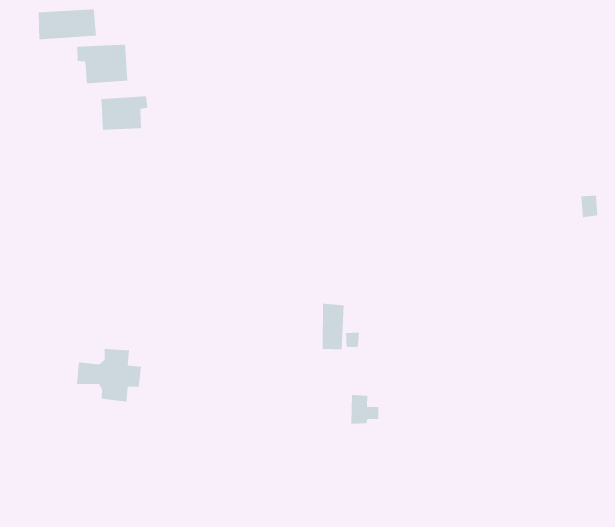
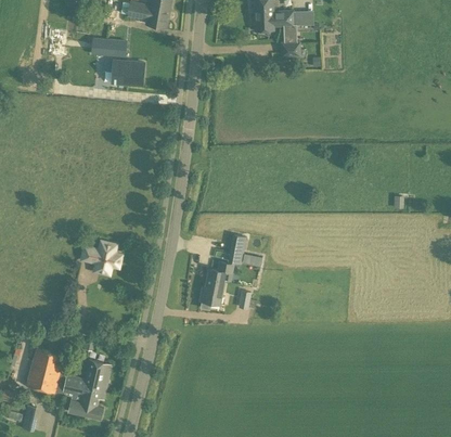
building: [101,95,148,131] -> none
building: none -> [198,261,232,310]

